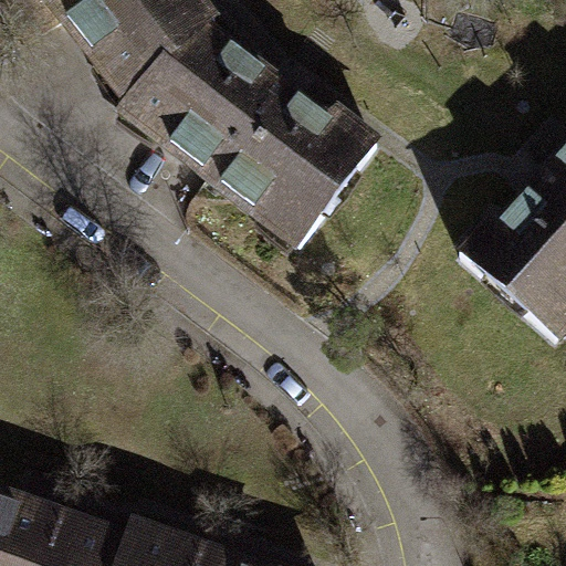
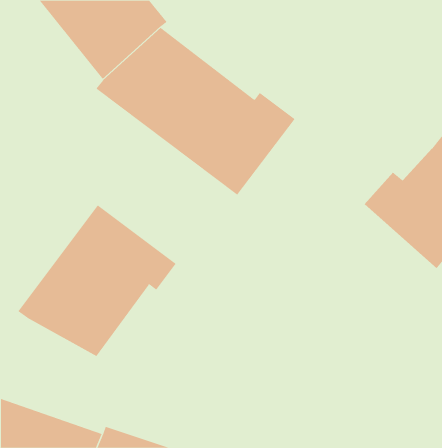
building: none -> [17,204,177,357]

